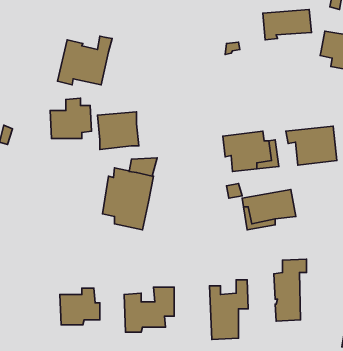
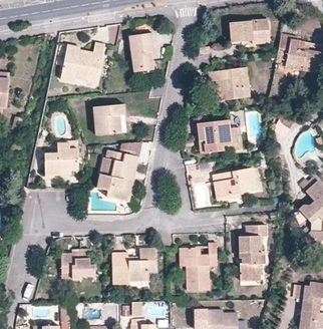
building: none -> [129,32,155,70]
building: [50,98,91,139] -> [45,141,79,175]
building: [286,126,337,165] -> [208,67,250,99]

